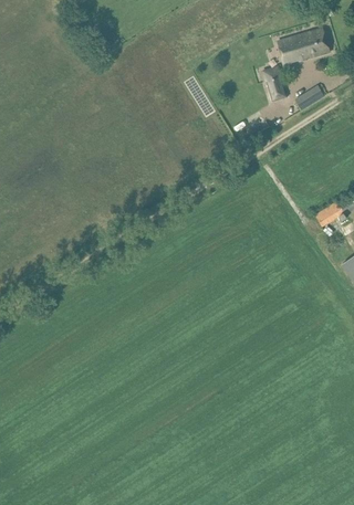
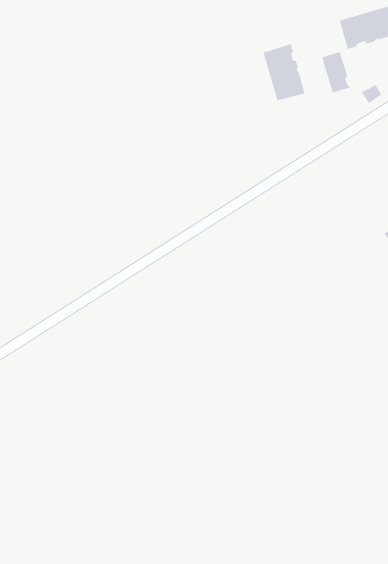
building: none -> [262,43,305,101]

